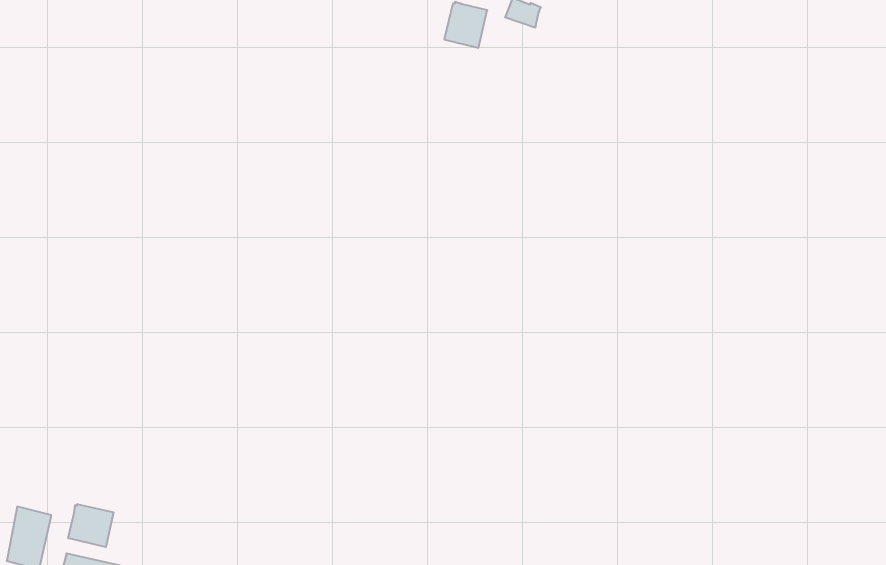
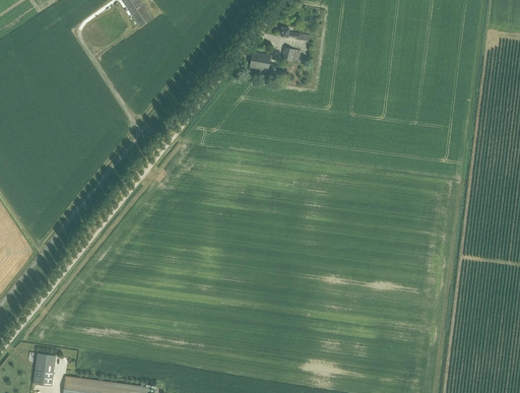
building: [68,504,114,547] -> none

